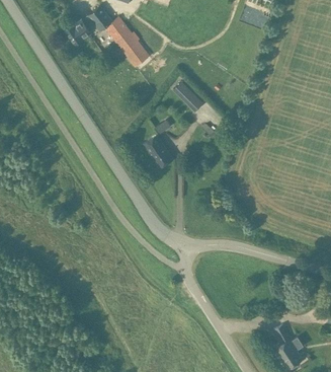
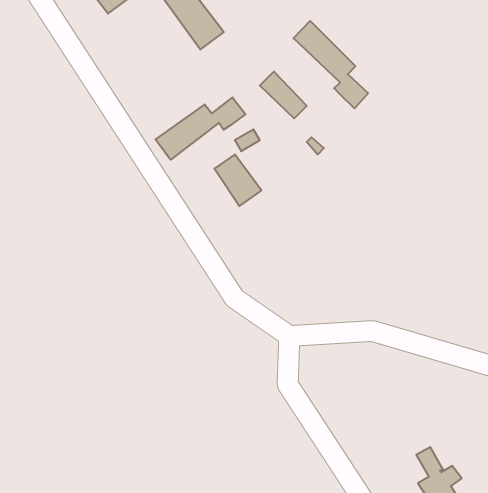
building: none -> [293,21,368,108]
building: none -> [155,97,246,160]

